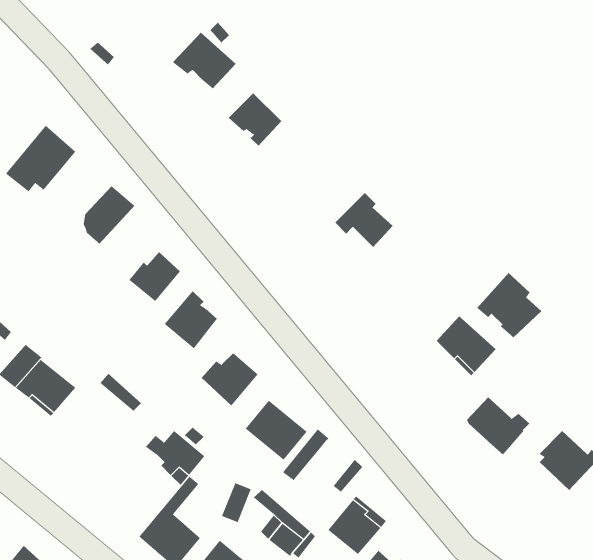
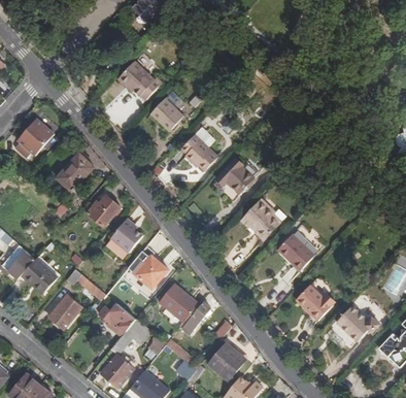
building: none -> [180,135,216,169]
building: [476,272,542,338] -> [240,197,280,237]
building: none -> [49,296,82,330]

